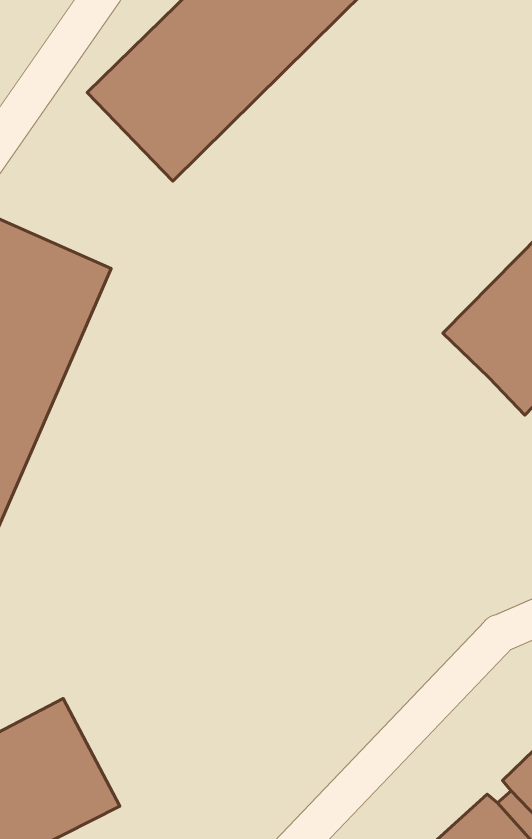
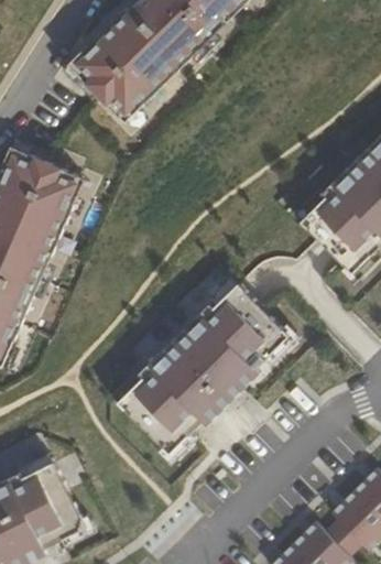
building: none -> [117,282,294,456]

